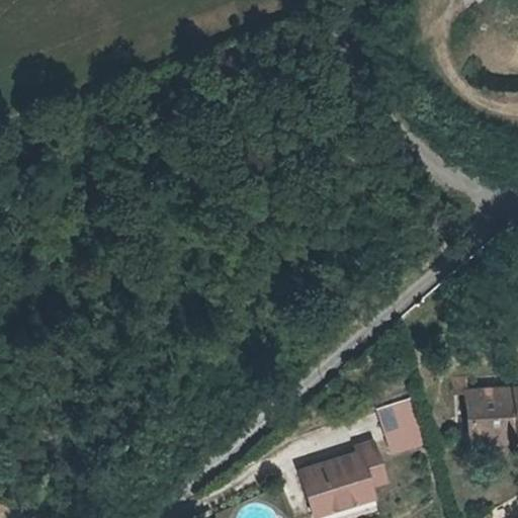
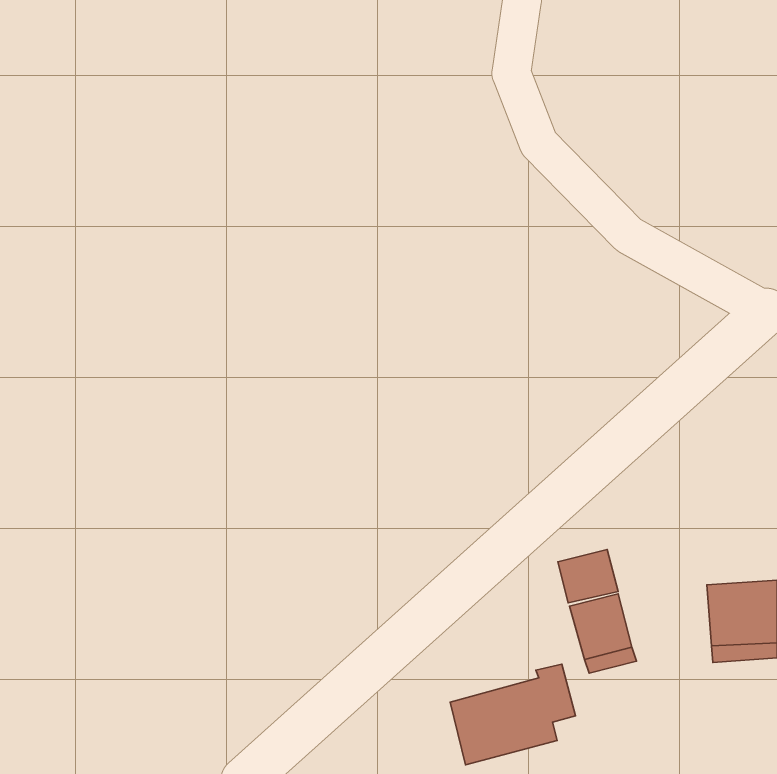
building: none -> [558,549,618,603]

